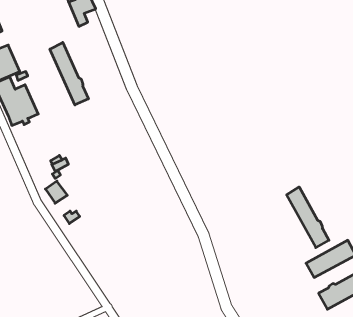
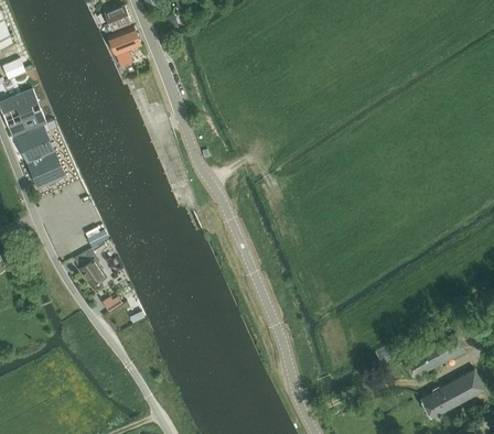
building: [50,42,88,105] -> none
building: [287,187,329,248] -> none

